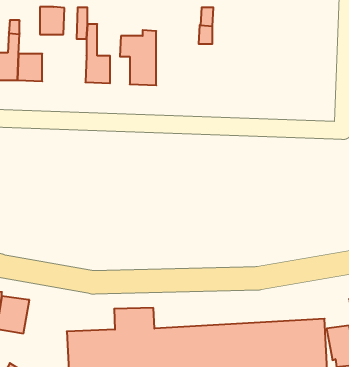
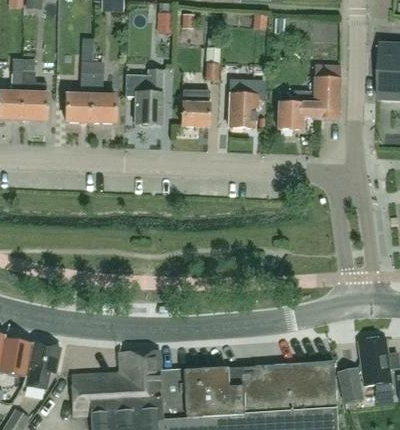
building: [40,7,64,34] -> [66,94,91,122]
building: none -> [277,65,340,130]
building: none -> [228,79,264,128]
building: none -> [181,89,210,127]
building: none -> [23,343,60,390]

